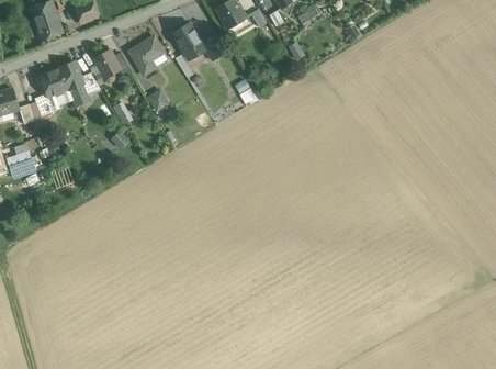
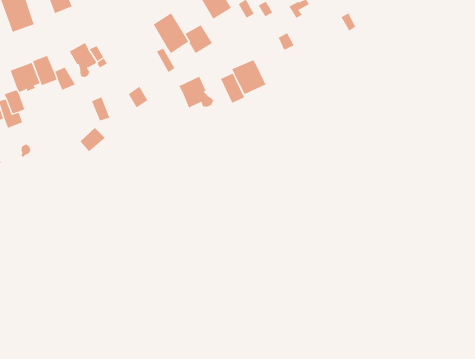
building: [128,36,162,75] -> none
building: none -> [232,59,266,95]
building: none -> [178,76,214,109]

